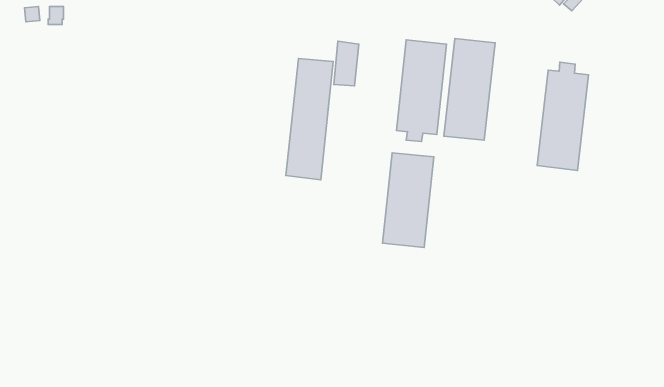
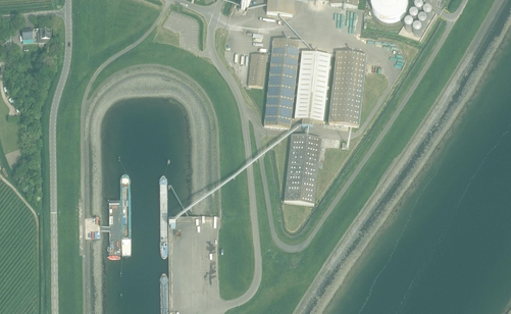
building: [286,59,333,180] -> [263,36,298,124]
building: [537,62,588,170] -> none

